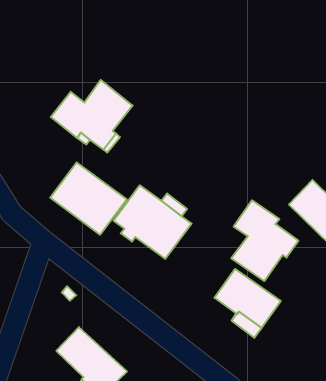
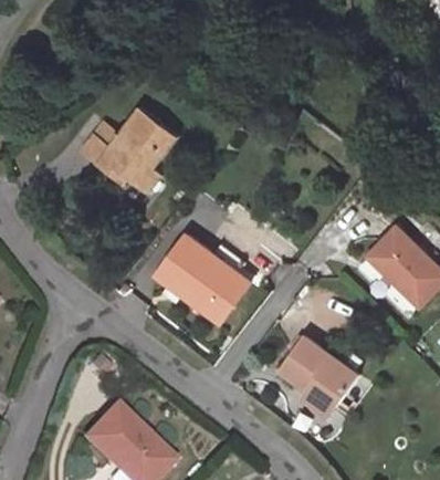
building: [50,162,127,235] -> none
building: [231,200,298,281] -> none

